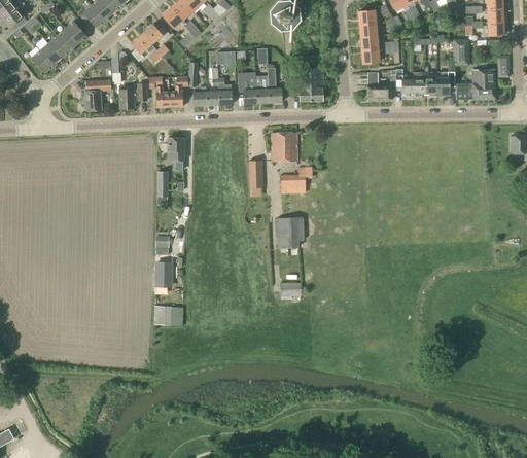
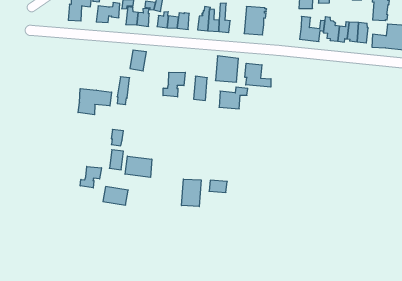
building: none -> [245,63,271,87]
building: none -> [163,72,185,97]
building: none -> [78,89,112,115]
building: [275,216,304,247] -> none
building: none -> [125,156,152,177]
building: none -> [80,166,101,188]
building: none -> [182,179,201,207]

